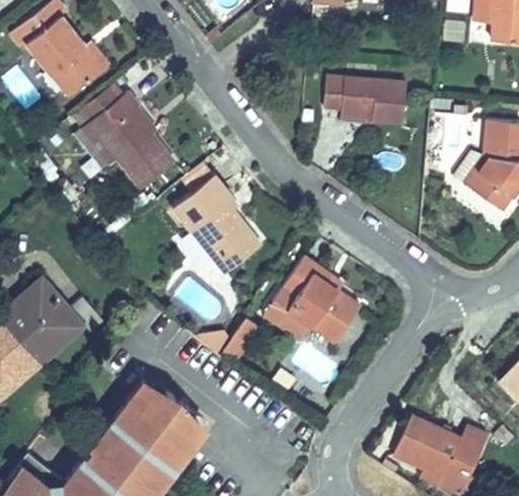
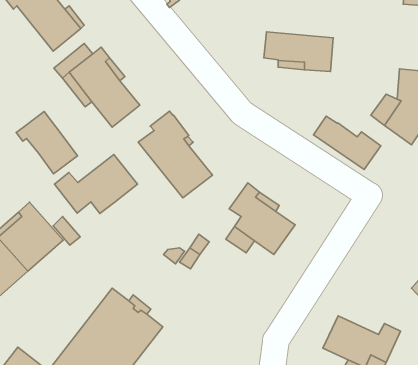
building: none -> [16,112,78,174]
building: none -> [314,116,381,170]
building: none -> [55,154,138,214]

